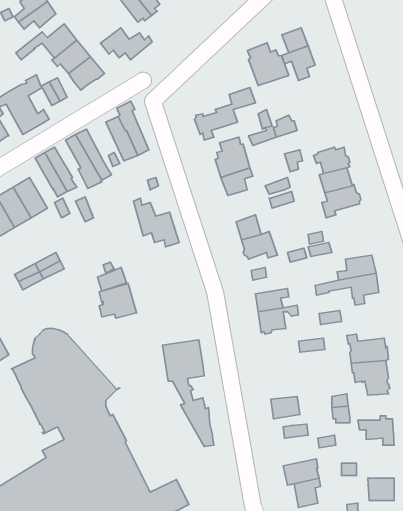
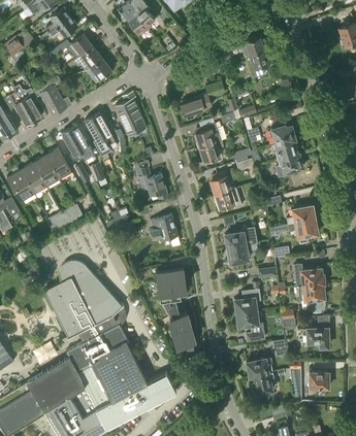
building: [101,28,152,60] -> none
building: [248,43,289,86] -> none
building: [99,284,137,318] -> [150,214,177,240]
building: none -> [234,282,261,313]

